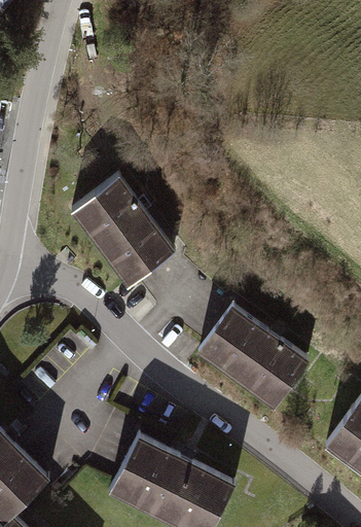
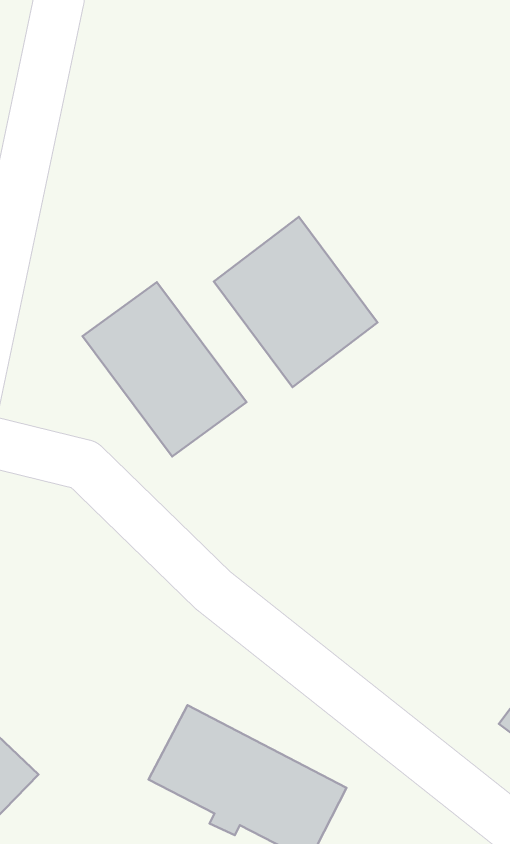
building: none -> [214,217,378,387]
building: [197,305,306,406] -> none

